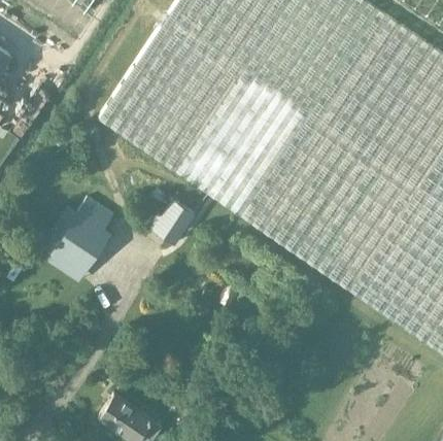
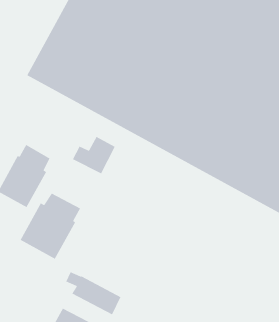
building: none -> [20,192,81,260]
building: none -> [65,271,121,316]

